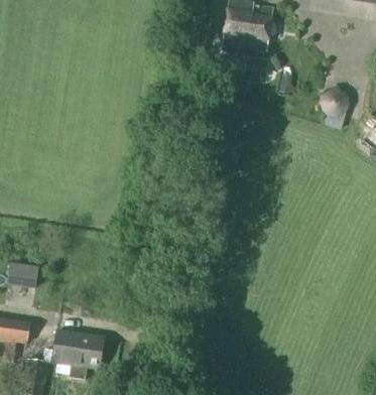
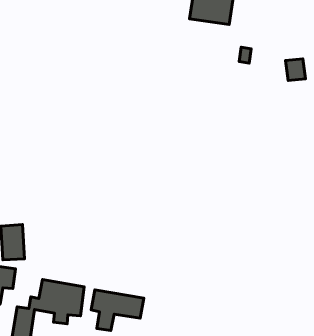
building: none -> [91,290,144,330]

